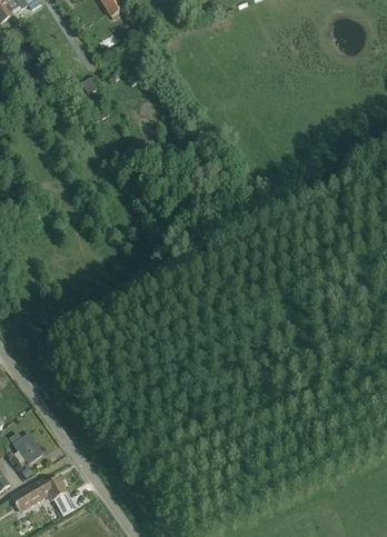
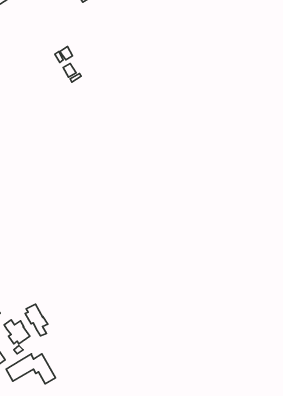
building: none -> [25,304,48,336]

